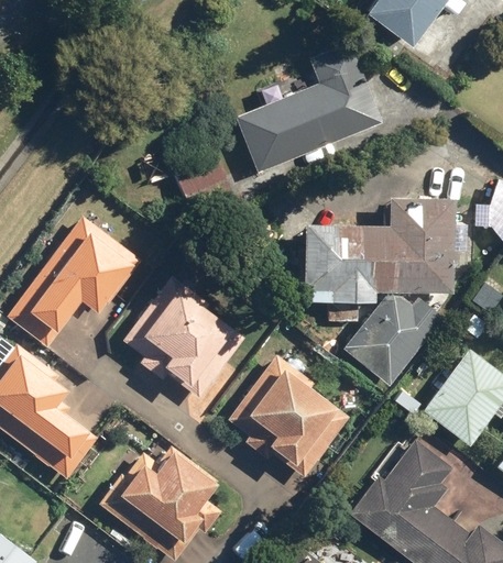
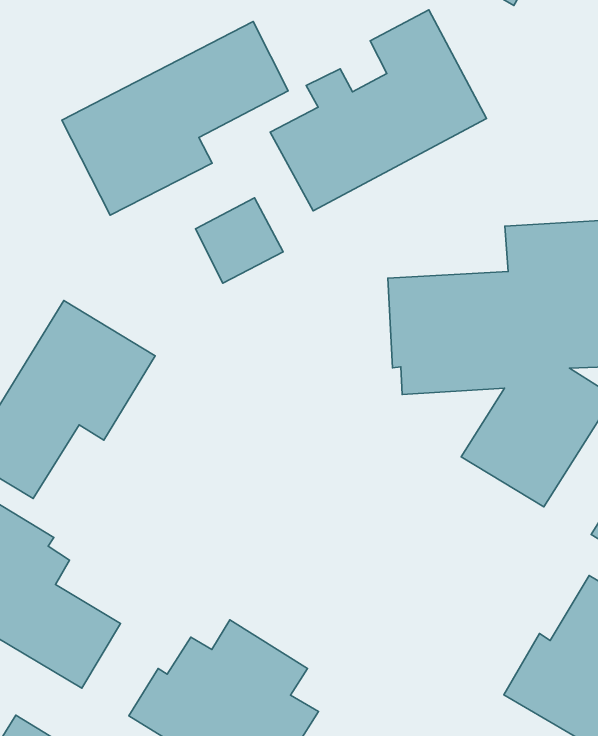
building: none -> [62,22,288,215]
building: [122,274,247,397] -> none
building: [228,353,352,476] -> none

